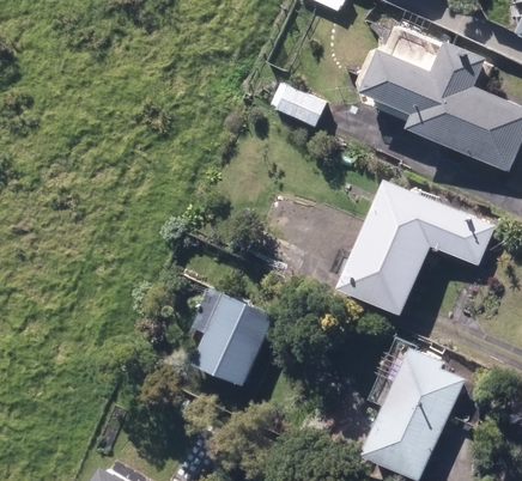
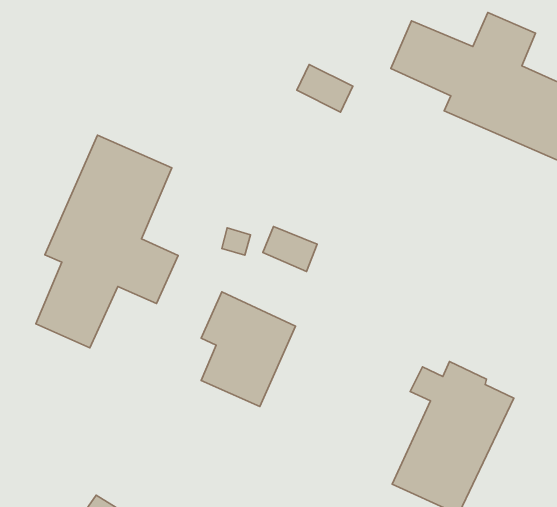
building: none -> [36,135,178,348]
building: [336,178,496,315] -> none

